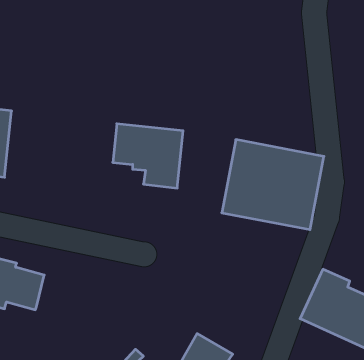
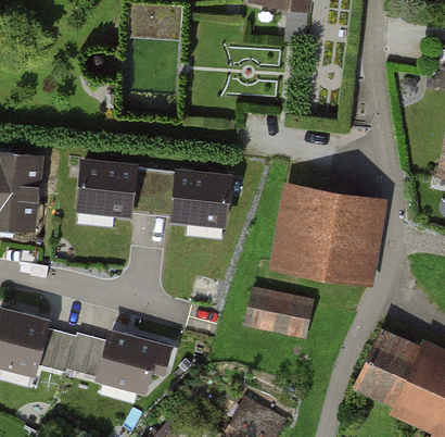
building: none -> [76,161,156,227]
building: none -> [251,295,313,333]
building: none -> [68,332,169,389]

